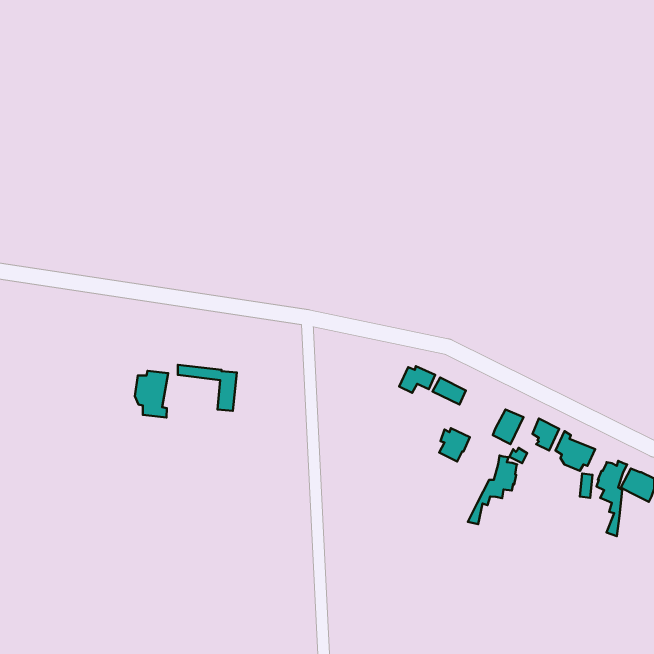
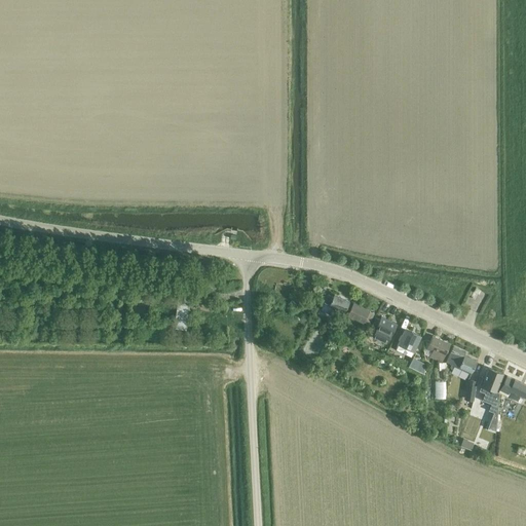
building: [135,371,168,418] -> none
building: [439,428,470,462] -> [372,316,397,343]
building: [468,456,517,524] -> none

